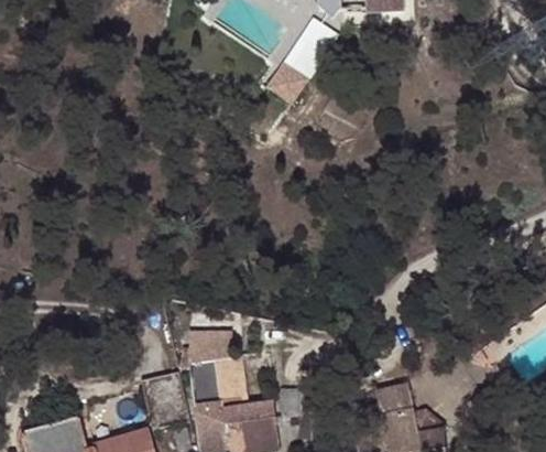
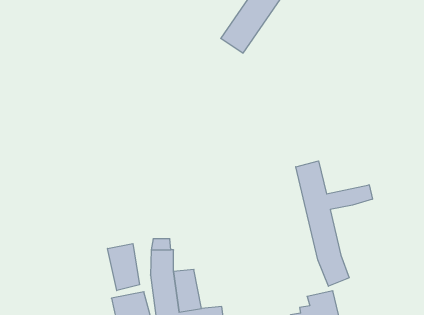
building: none -> [296,161,372,286]
building: none -> [108,244,139,291]

